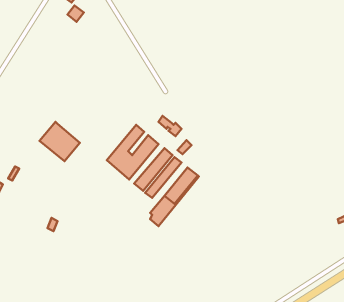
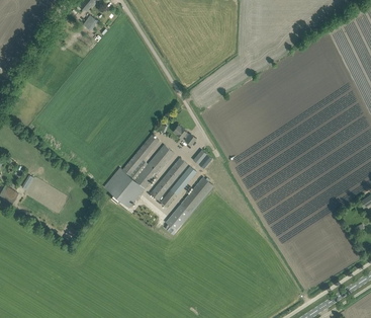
building: [39,122,80,161] -> [104,167,145,207]

